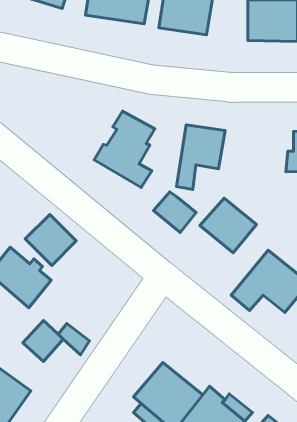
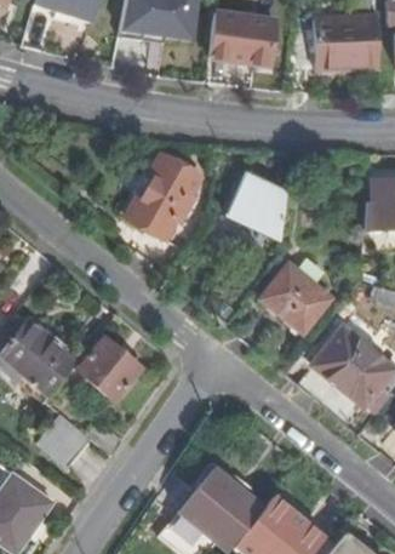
building: [154,192,196,232] -> none
building: [25,214,76,265] -> [80,331,143,394]

